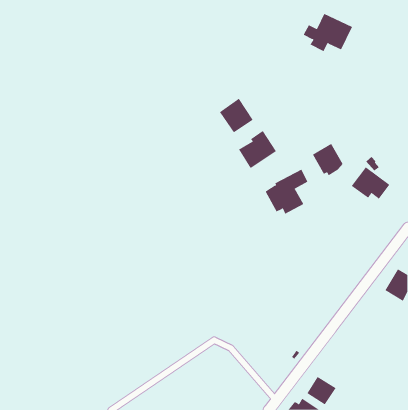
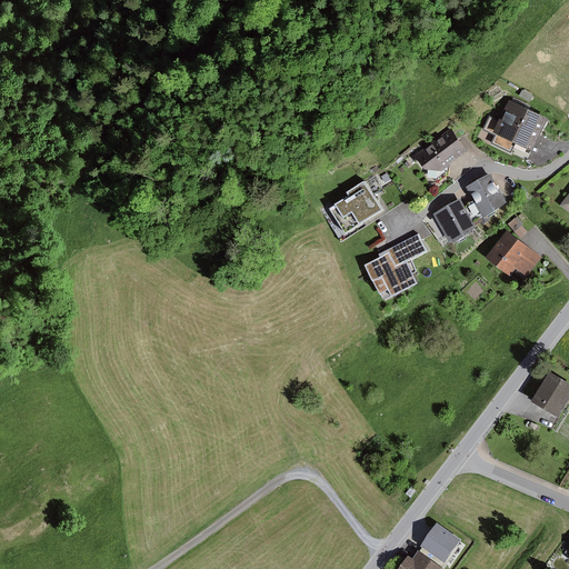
building: [303,13,353,52] -> [479,99,548,152]
building: none -> [413,128,467,177]
building: [219,98,253,133] -> none
building: none -> [466,172,506,217]

